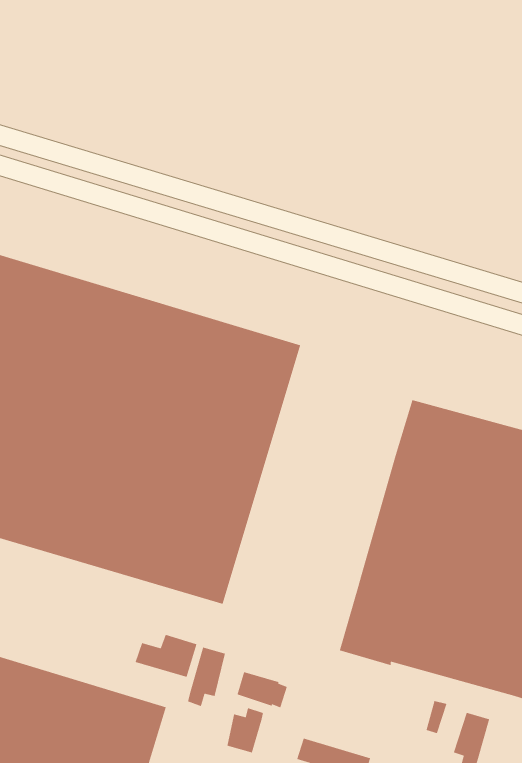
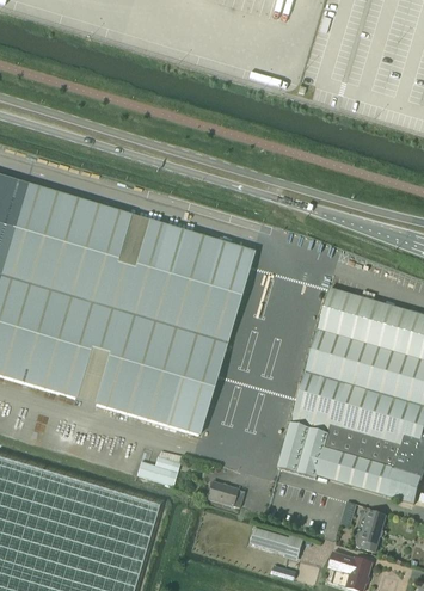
building: [187,647,226,707] -> none
building: [226,707,264,754] -> none

